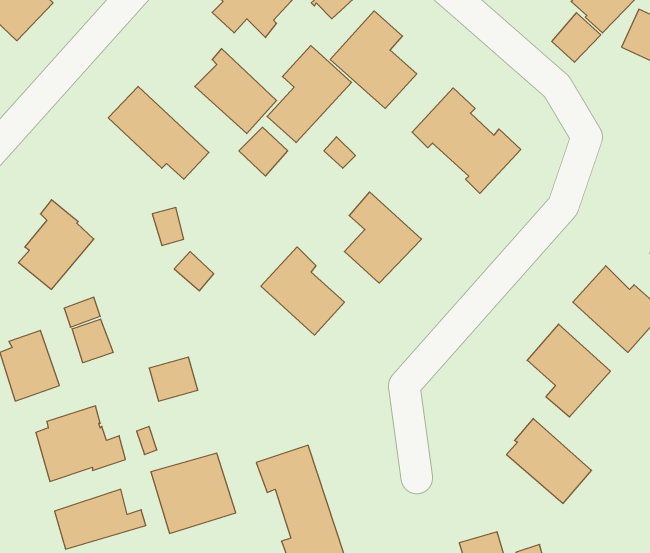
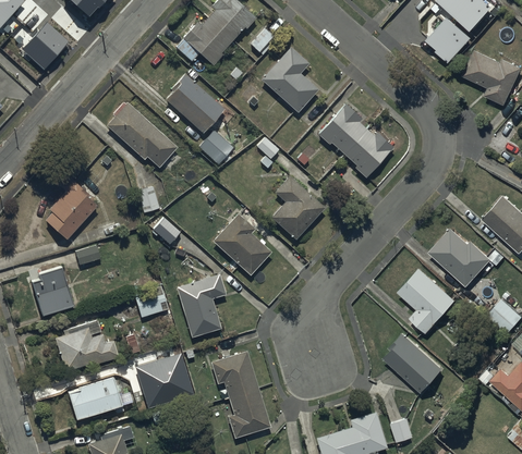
building: [552,13,601,62] -> none
building: [267,46,352,143] -> none
building: [72,319,113,363] -> none
building: none -> [177,273,226,336]

